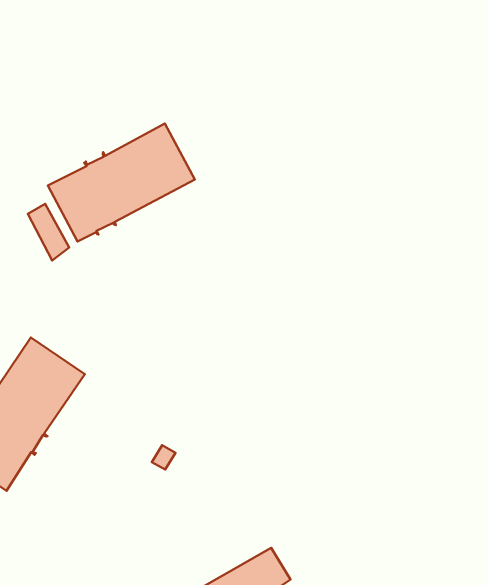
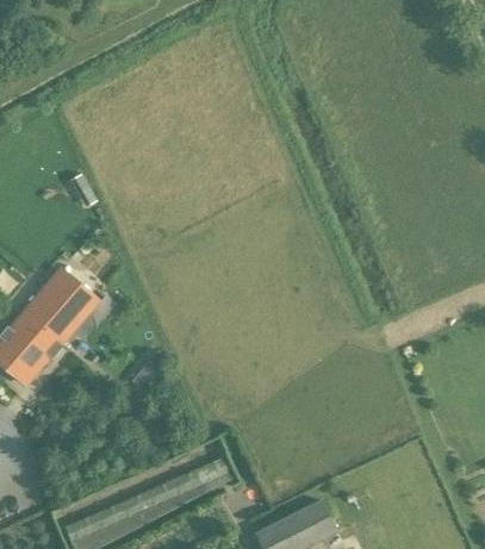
building: [48,124,195,241] -> none

